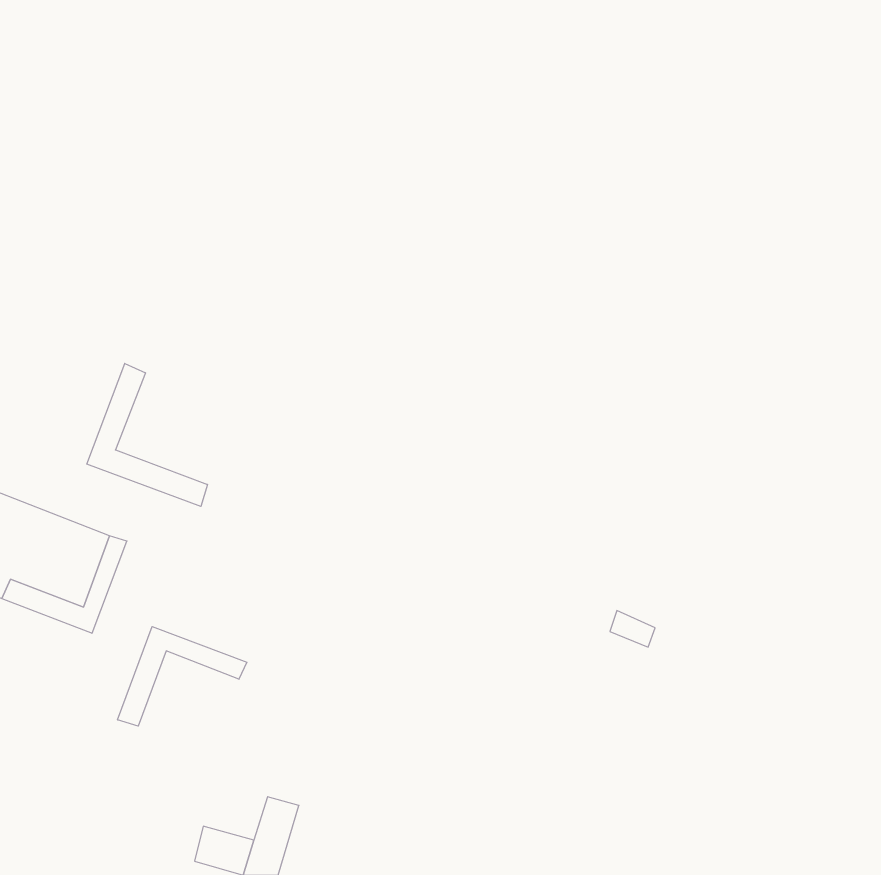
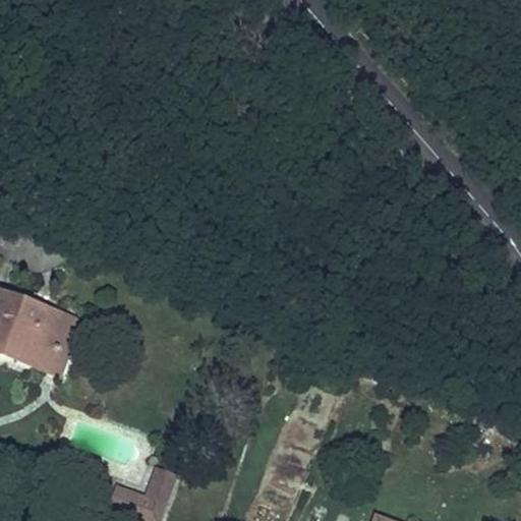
building: [87,363,207,506] -> none
building: [118,627,247,726] -> none

